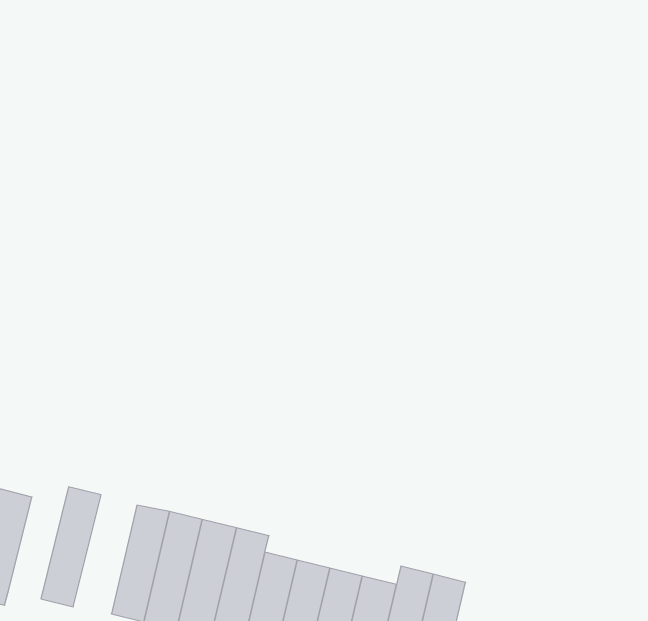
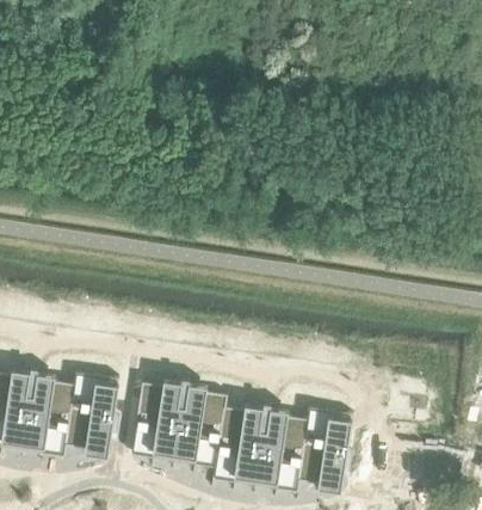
building: none -> [64,380,94,456]

